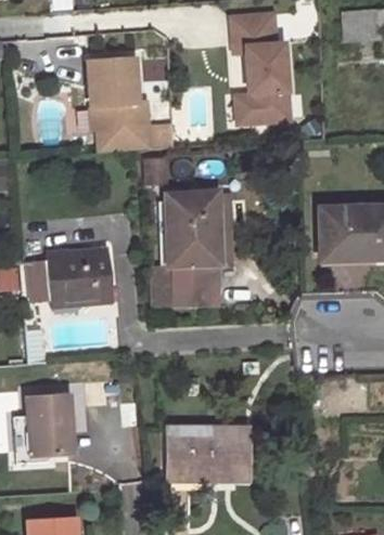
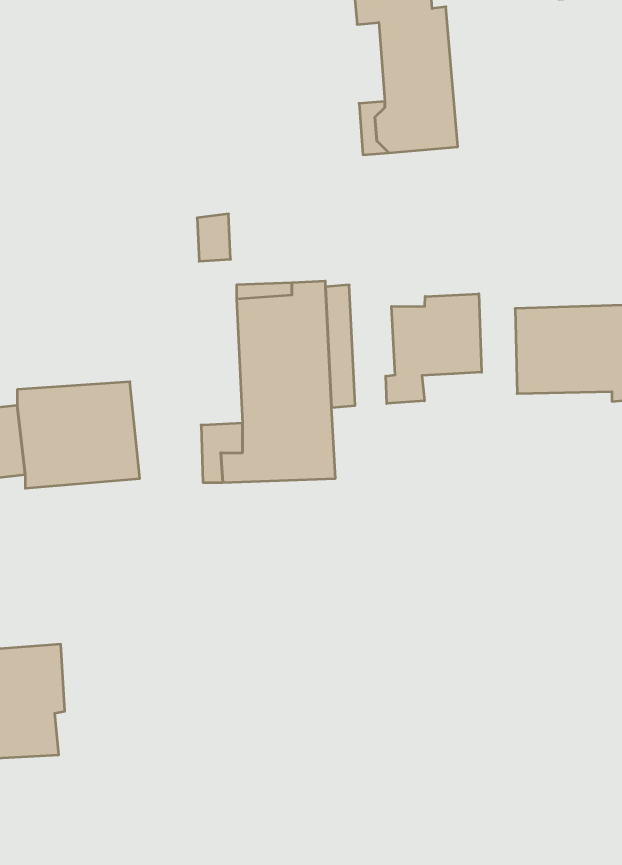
building: [88,58,149,153] -> none
building: none -> [386,294,482,404]
building: [168,427,248,484] -> none

